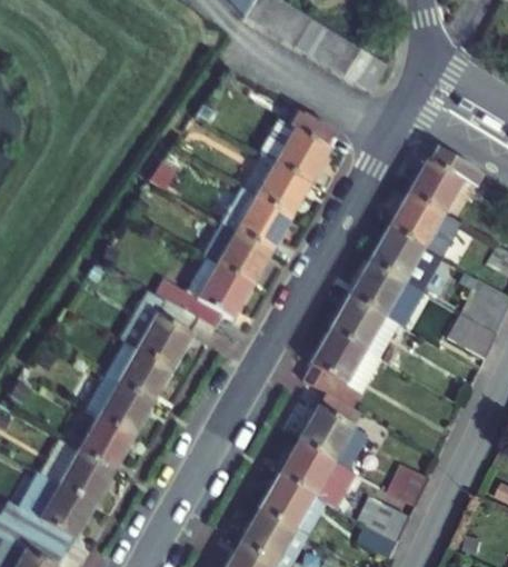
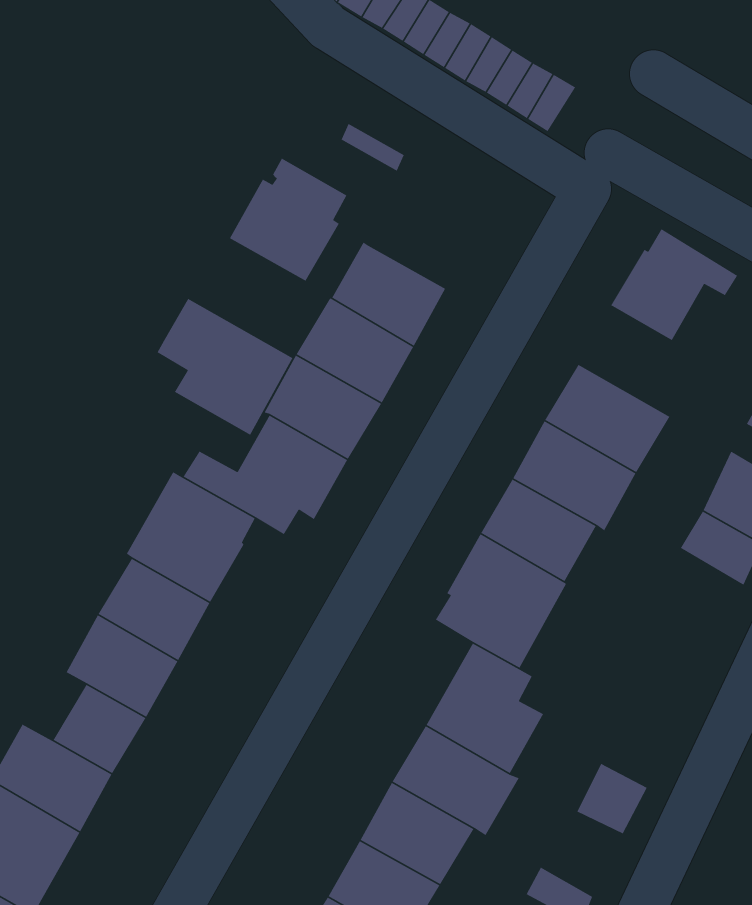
building: [263,111,333,185] -> [229,158,347,282]
building: none -> [156,298,294,436]
building: [387,195,460,260] -> none
building: [356,497,408,544] -> none

